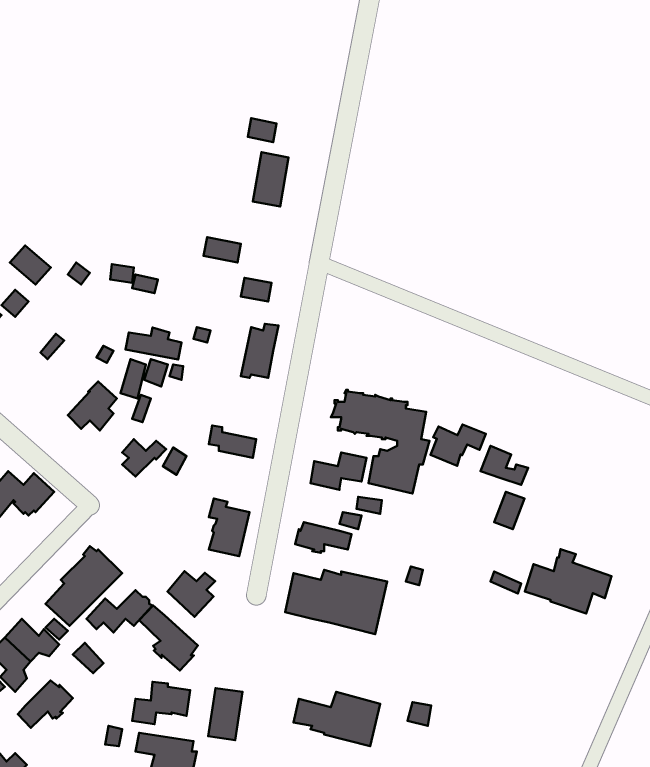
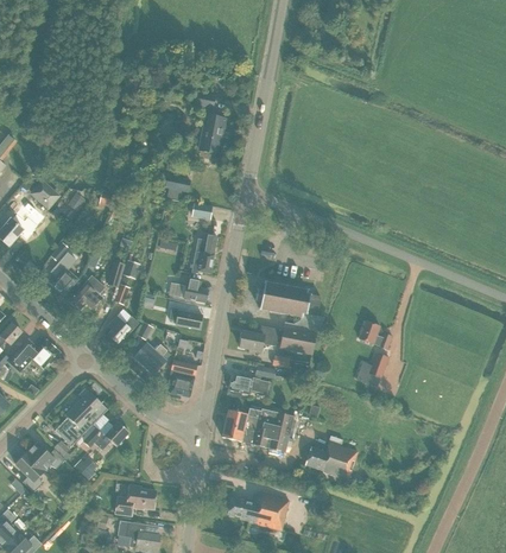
building: [125,327,182,360] -> [167,279,207,301]
building: none -> [49,253,77,295]
building: [430,425,486,466] -> none
building: [525,549,612,613] -> [304,436,365,481]
building: [167,571,215,617] -> [133,343,166,375]
building: [139,605,198,670] -> none
building: [18,680,73,728] -> none
building: [208,688,243,740] -> none

